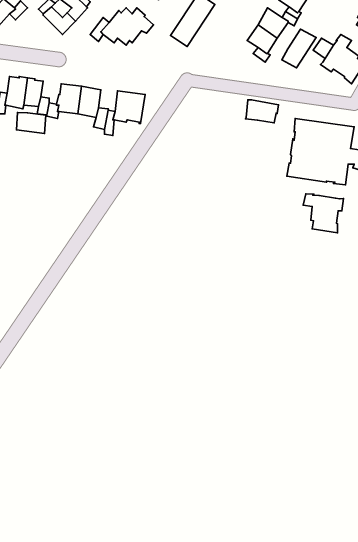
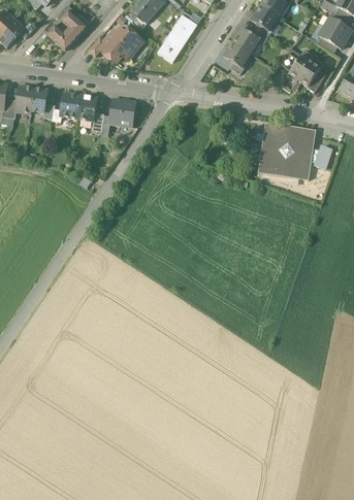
building: [282,29,316,68] -> none
building: [246,100,279,123] -> none
building: [17,113,46,133] -> none
building: [303,194,343,233] -> none

